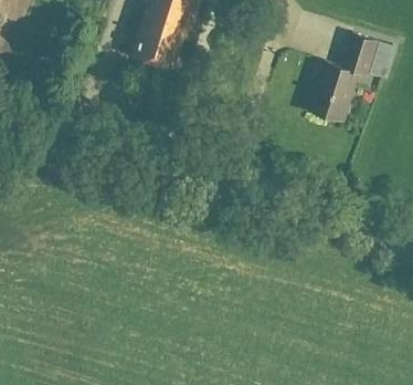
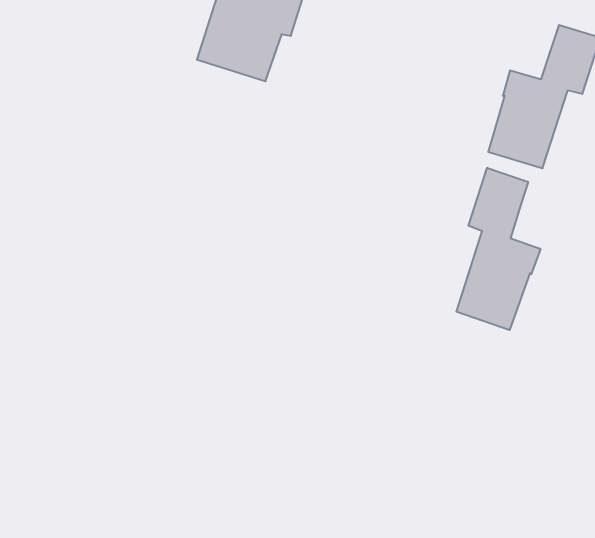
building: none -> [456,168,540,330]

